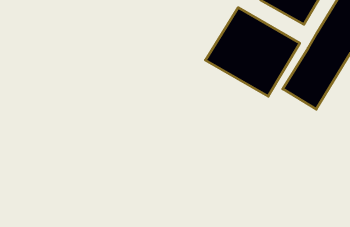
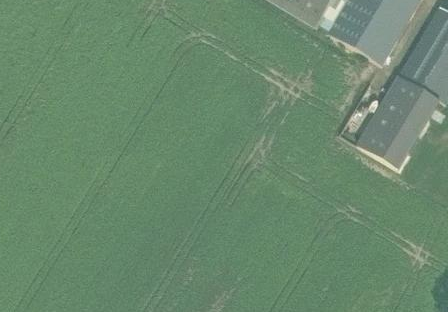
building: [205,8,300,96] -> none

